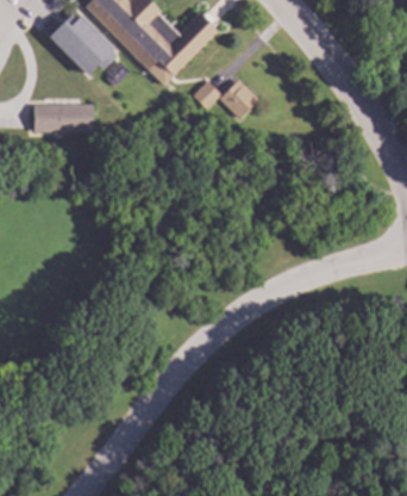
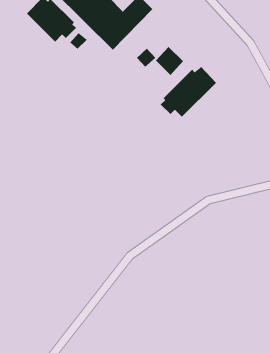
building: [32,105,92,134] -> none
building: none -> [160,66,217,118]

